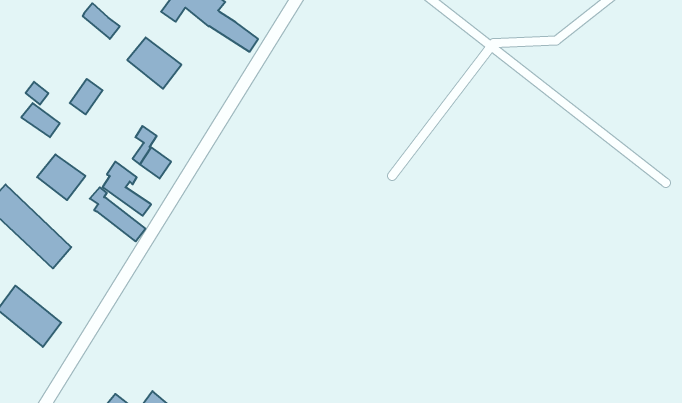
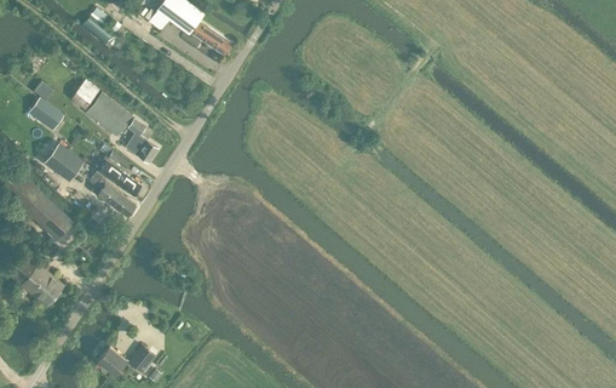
building: [127,37,181,89] -> [86,93,132,137]

